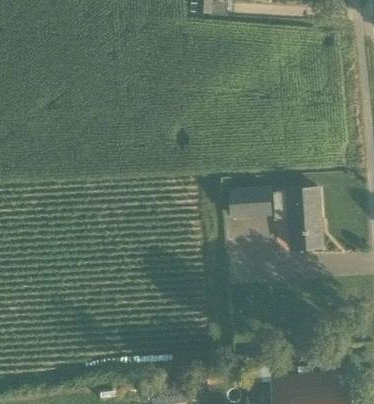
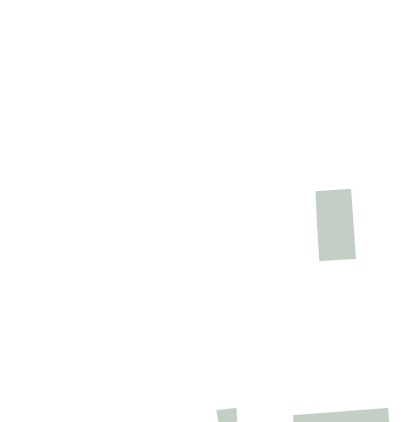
building: [231,188,271,217] -> none

